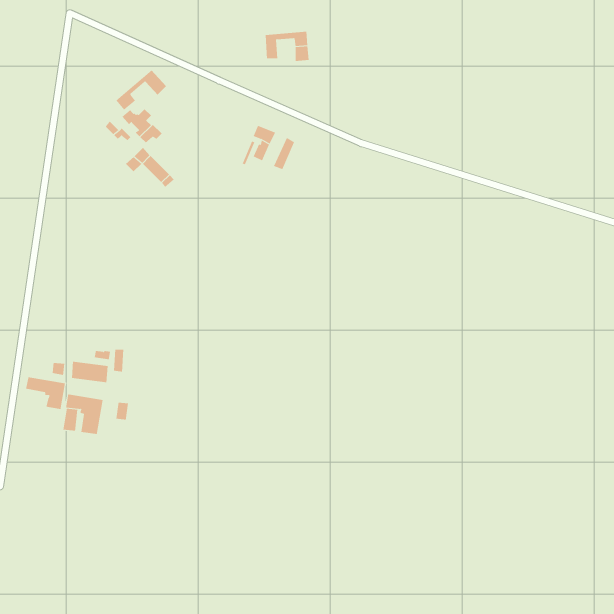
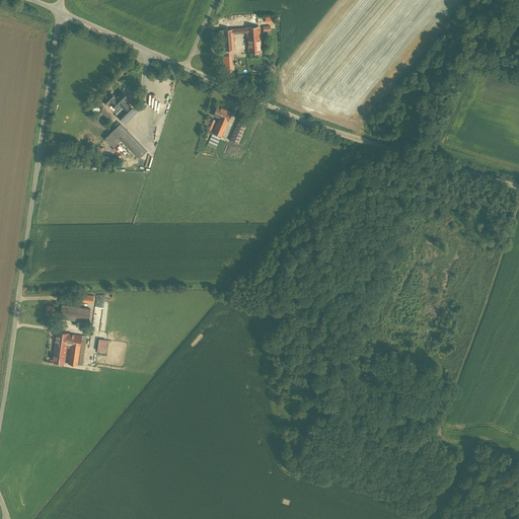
building: [115,69,167,111] -> none
building: [26,377,65,410] -> none

